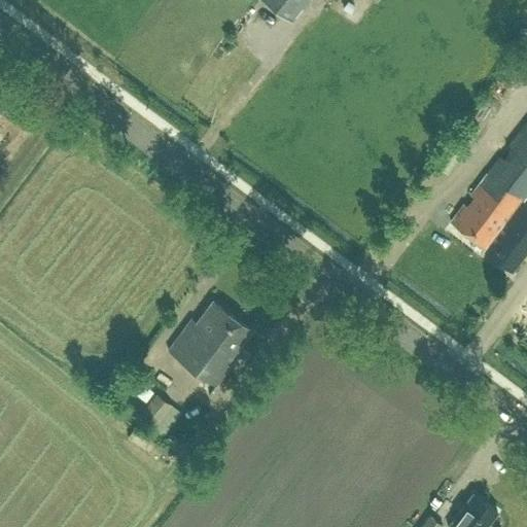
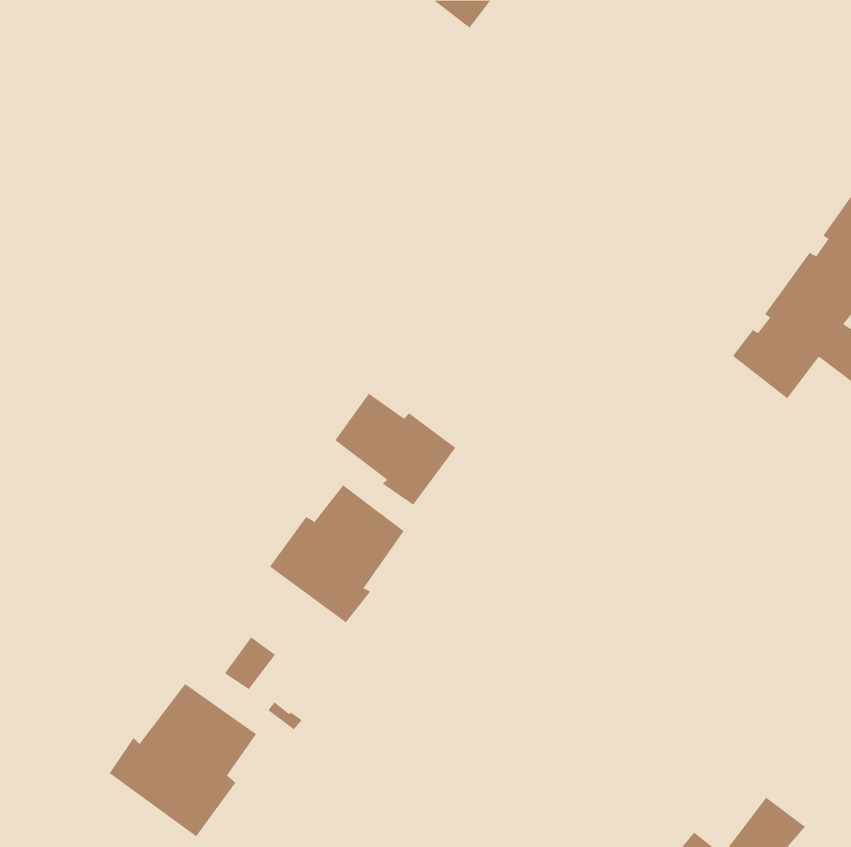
building: none -> [335,393,456,505]
building: none -> [109,683,257,837]

